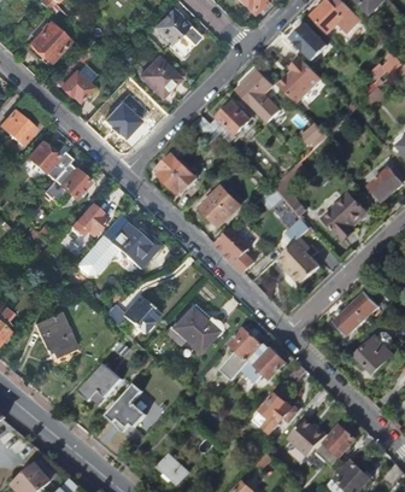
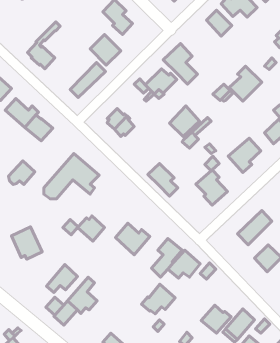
building: [31,22,71,62] -> none
building: [281,55,324,102] -> [229,66,262,101]
building: [204,184,243,226] -> [170,106,199,137]
building: [71,204,106,235] -> [8,161,35,184]
building: [254,393,299,433] -> [142,284,175,314]

